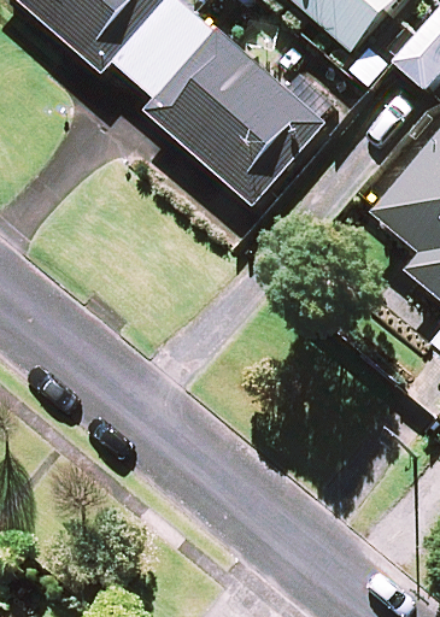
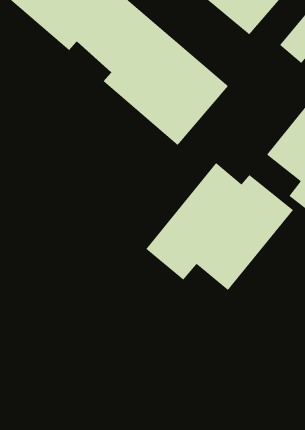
building: none -> [145,162,294,291]

